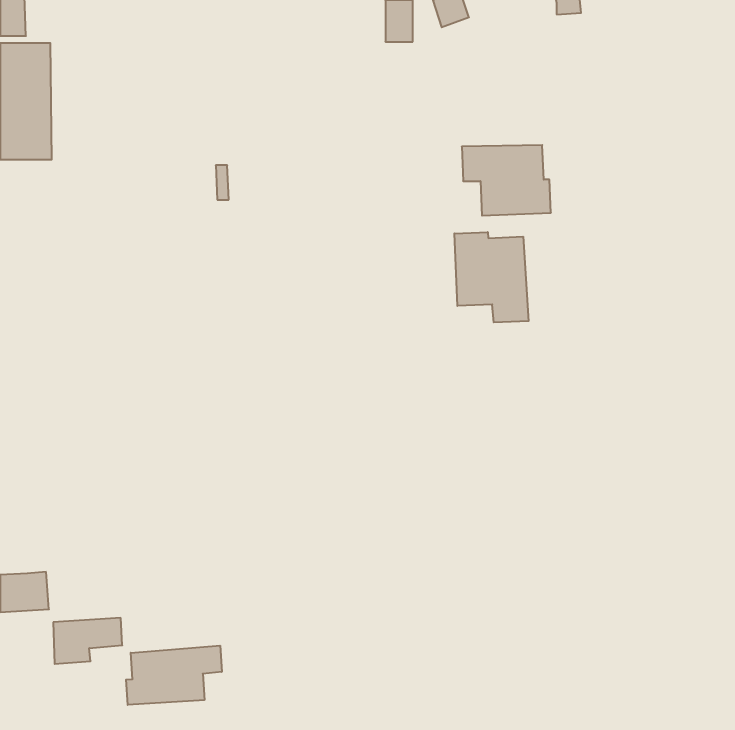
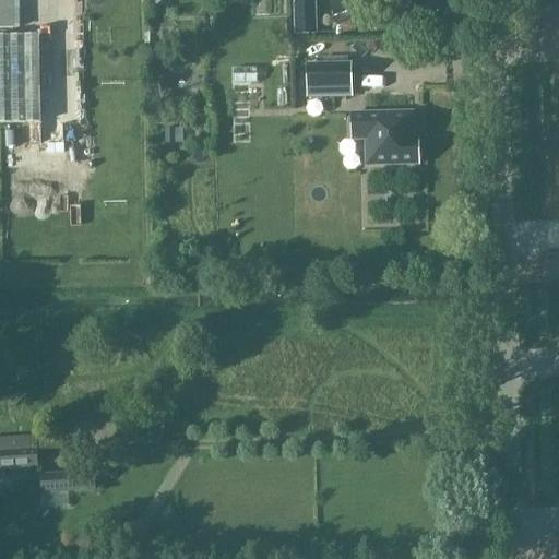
building: none -> [306,61,350,95]
building: [454,232,529,322] -> none
building: [126,646,222,705] -> none

